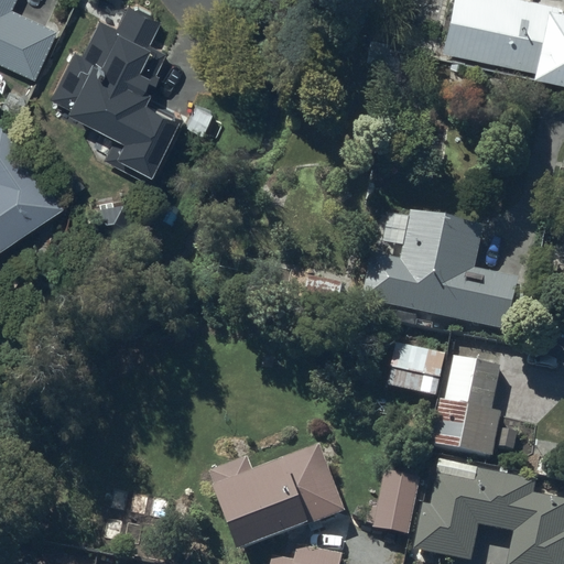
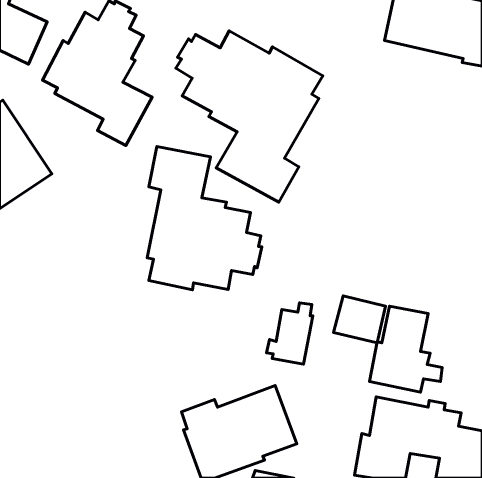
building: none -> [176,31,323,202]
building: none -> [147,147,262,290]
building: [358,214,532,333] -> none
building: [367,466,421,538] -> [267,303,313,364]

